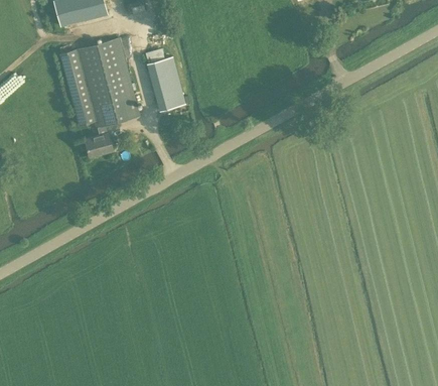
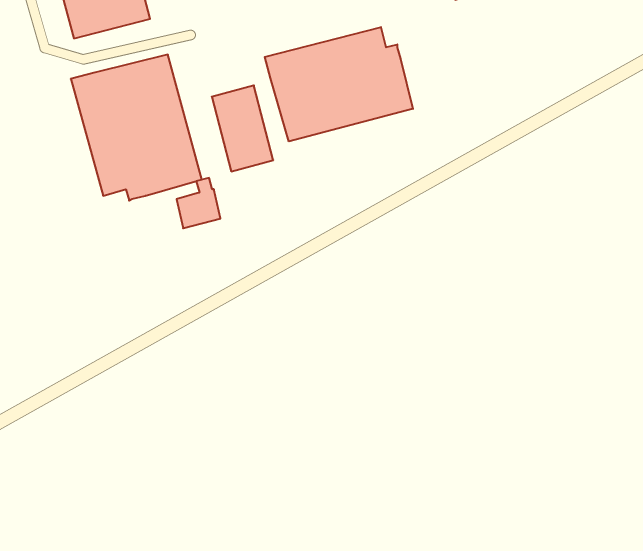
building: none -> [265,27,413,141]
building: [85,125,112,156] -> [177,178,220,228]

